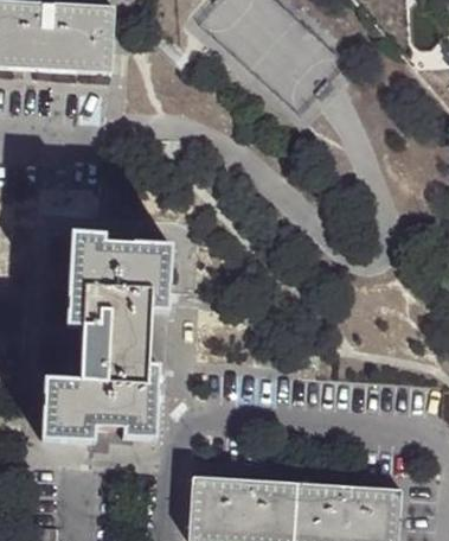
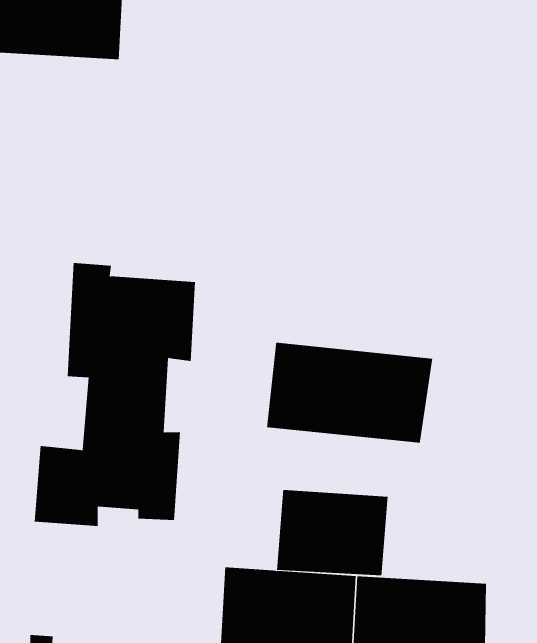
building: none -> [267,342,433,444]
building: none -> [276,489,388,576]

